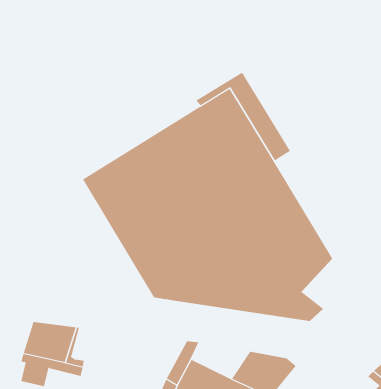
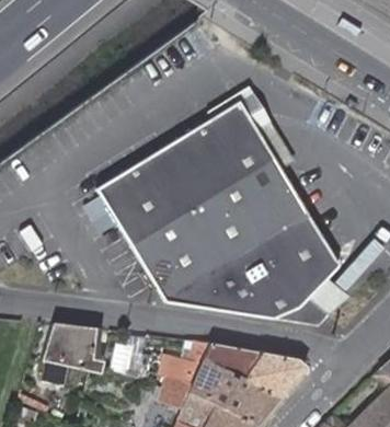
building: none -> [204,345,260,380]

